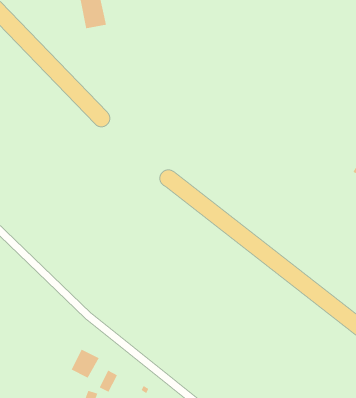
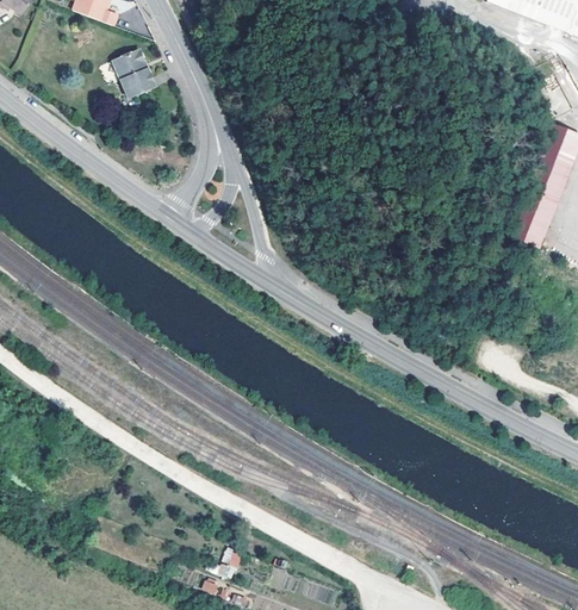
building: [71,349,99,379] -> none

